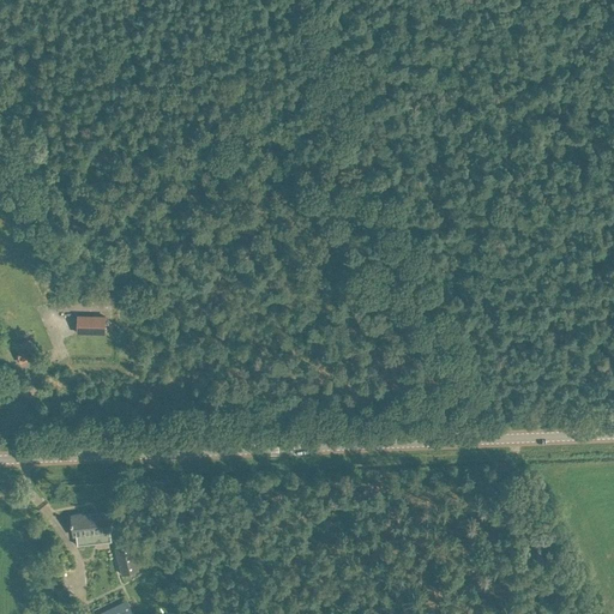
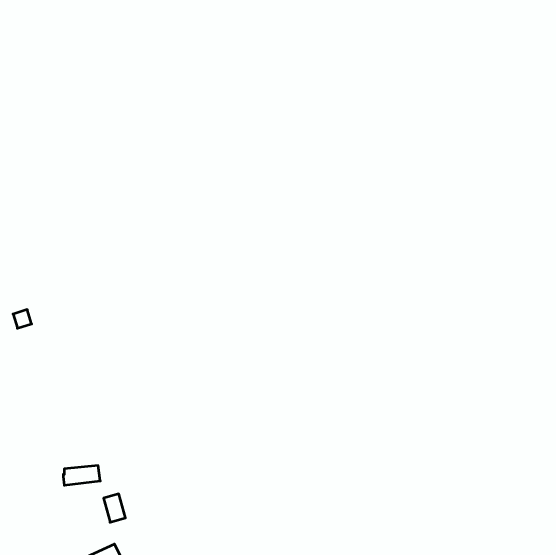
building: [76,317,104,336] -> none

